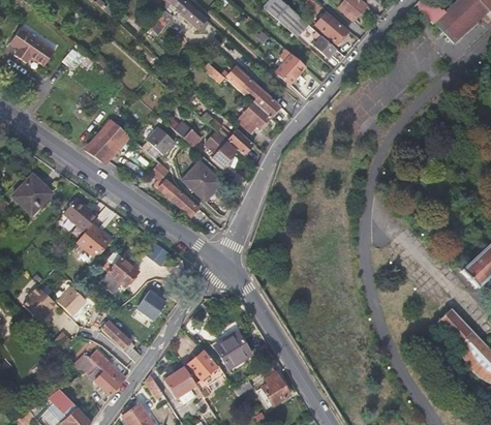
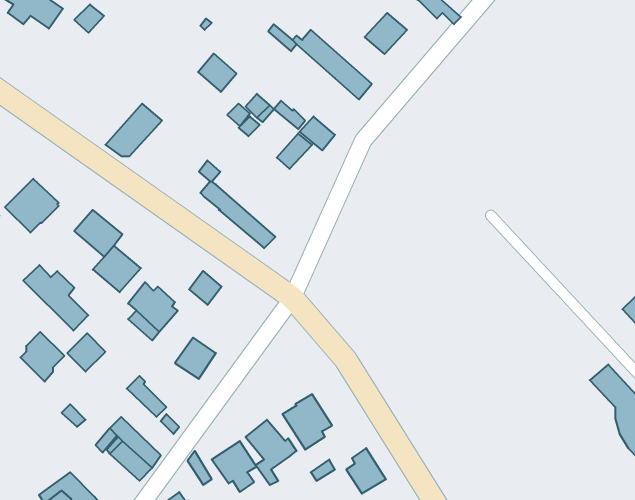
building: [237,101,271,132] -> none
building: [149,128,177,156] -> [198,54,236,92]
building: [182,160,222,199] -> none
building: none -> [23,265,88,331]

